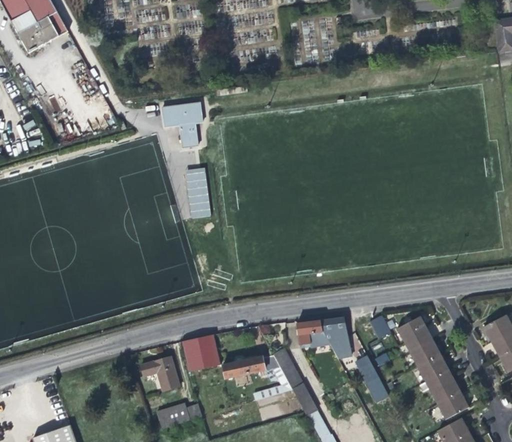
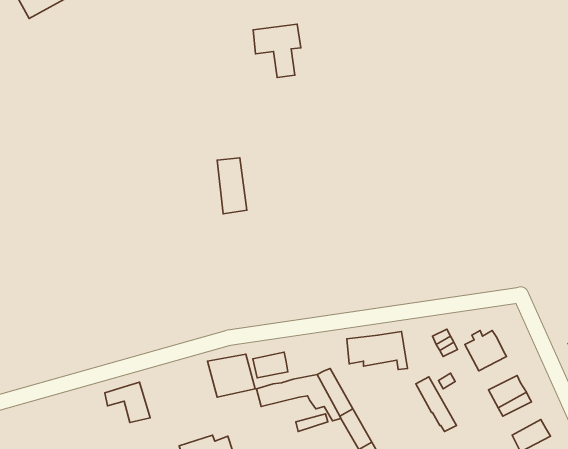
building: [165,102,205,147] -> [253,24,301,78]
building: none -> [253,352,288,378]
building: [408,338,440,366] -> none
building: [141,358,179,392] -> [105,382,150,422]
building: [428,376,460,404] -> none

